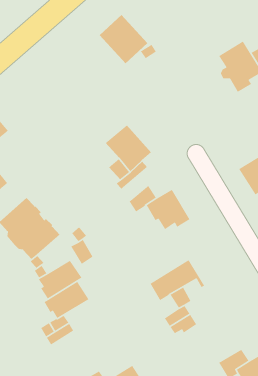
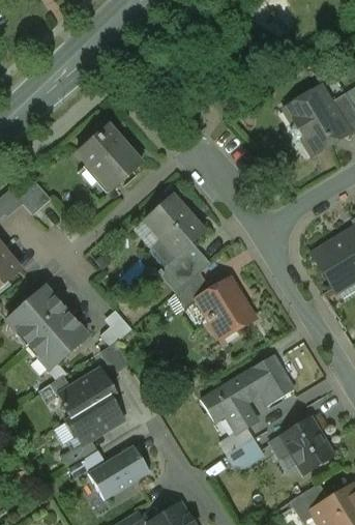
building: [99,14,148,64] -> [73,123,137,187]
building: none -> [17,181,51,215]
building: none -> [165,250,210,292]
building: none -> [252,355,293,402]
building: none -> [270,417,333,473]
building: none -> [88,445,150,499]

